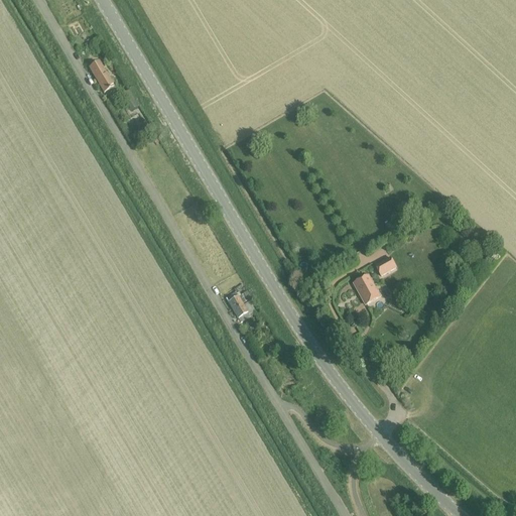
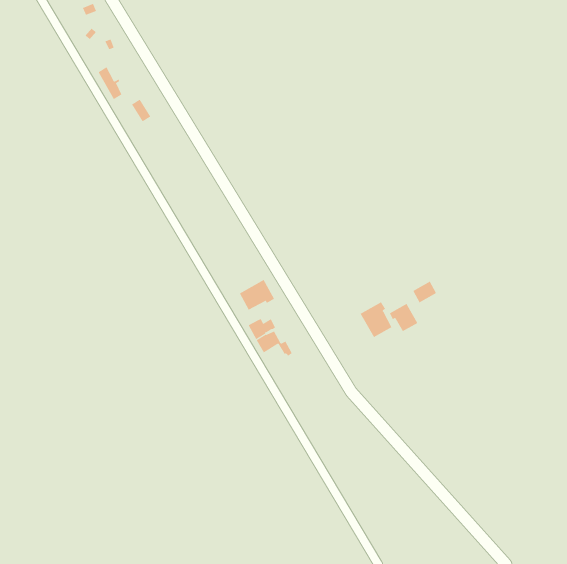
building: none -> [239,279,275,310]
building: none -> [360,302,392,338]

